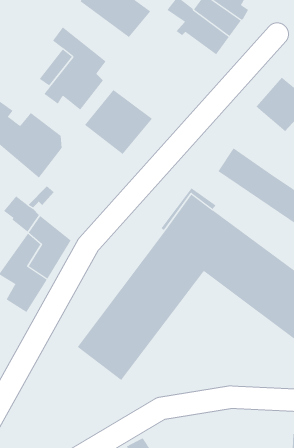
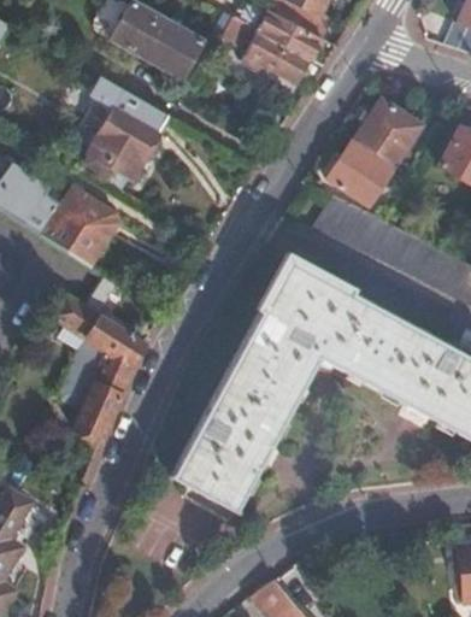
building: [84,89,153,155] -> none
building: none -> [328,143,393,207]

